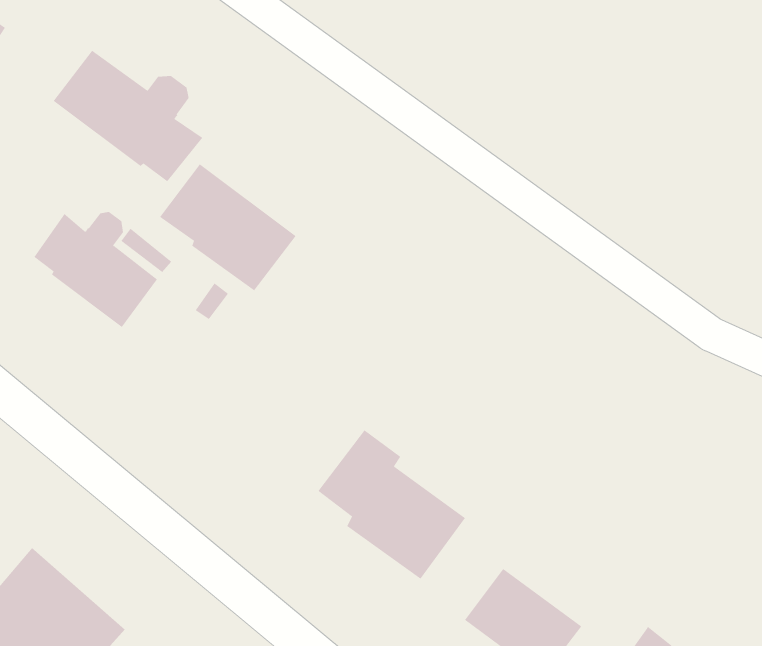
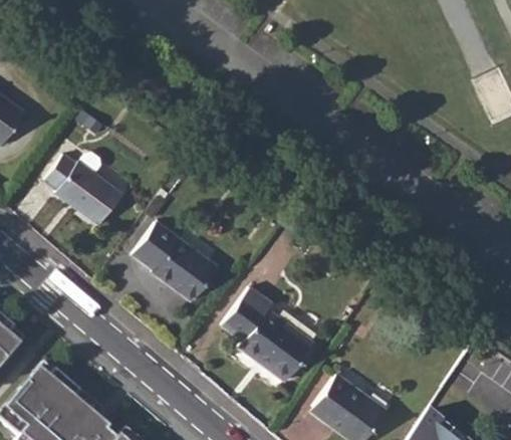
building: [53,50,203,182] -> none
building: [159,164,296,291] -> [132,221,217,300]

